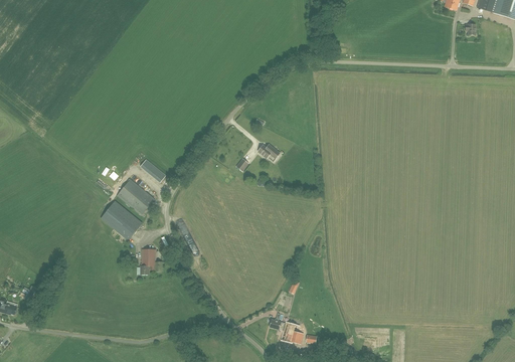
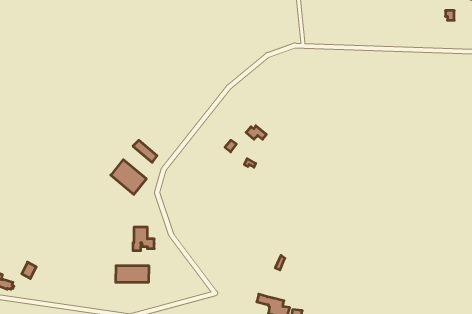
building: [102,200,143,240] -> none
building: none -> [116,266,149,282]

